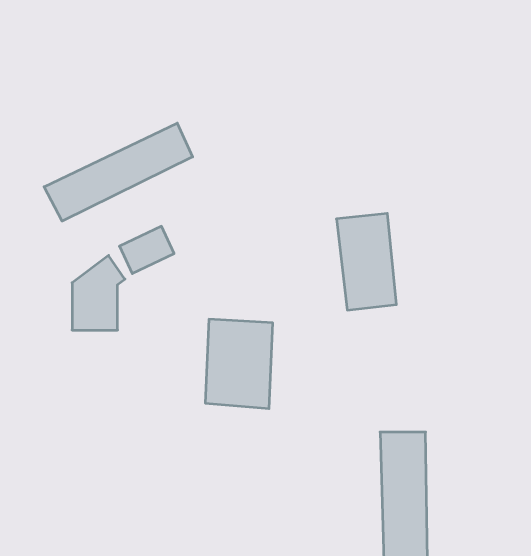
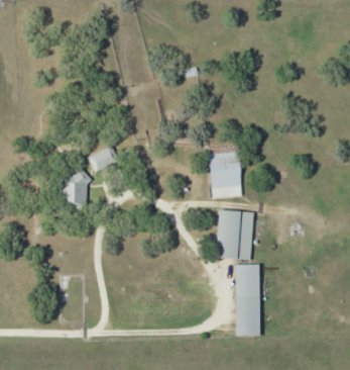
building: [44,123,193,221] -> none
building: [205,319,273,409] -> [216,210,253,260]

